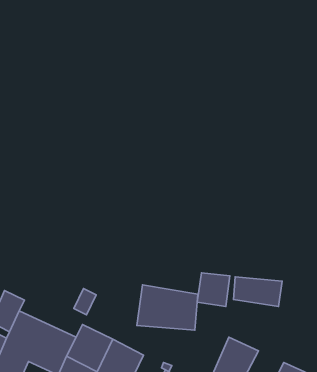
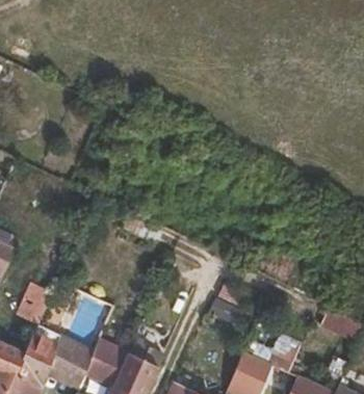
building: [233,277,282,307] -> none
building: [137,285,198,330] -> none

